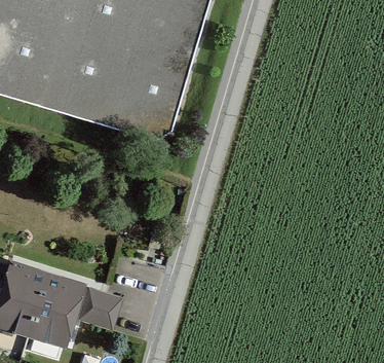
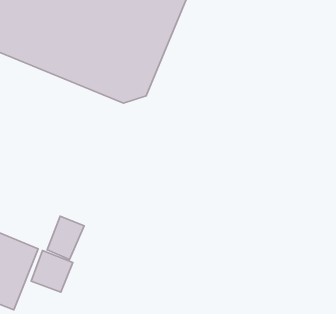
building: none -> [47,216,84,260]

